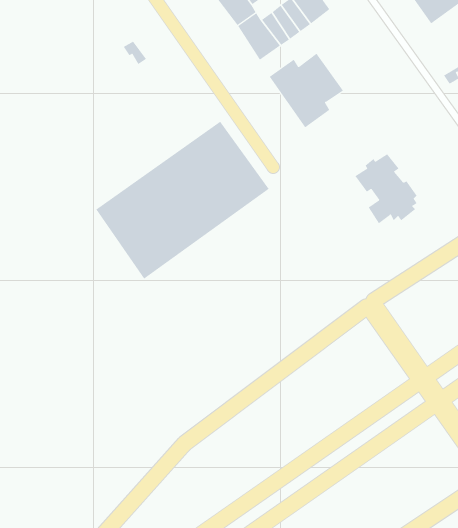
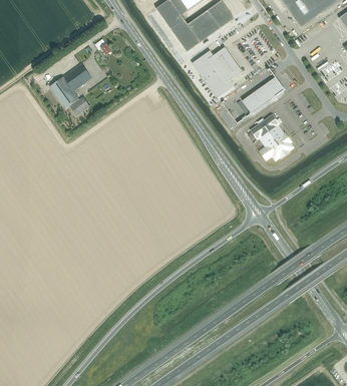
building: none -> [49,62,91,114]
building: none -> [242,77,285,112]
building: [95,121,270,279] -> none

